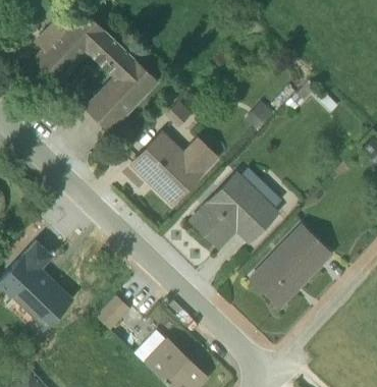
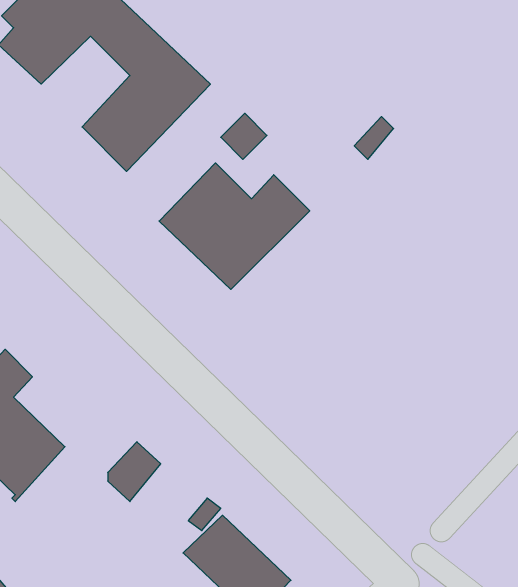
building: [187,168,281,252] -> none
building: [250,224,331,307] -> none

